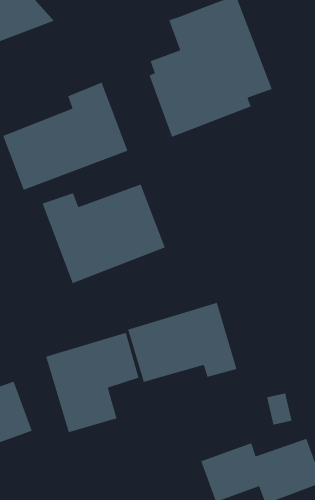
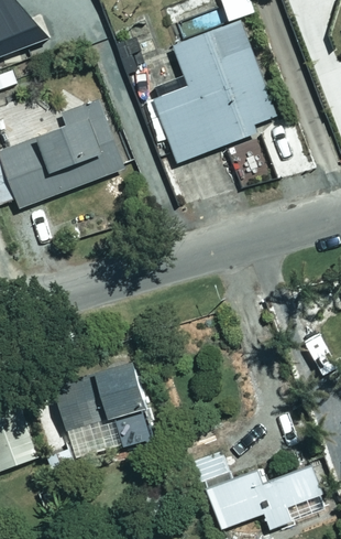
building: [42,184,166,284] -> none
building: [127,302,237,383] -> none

